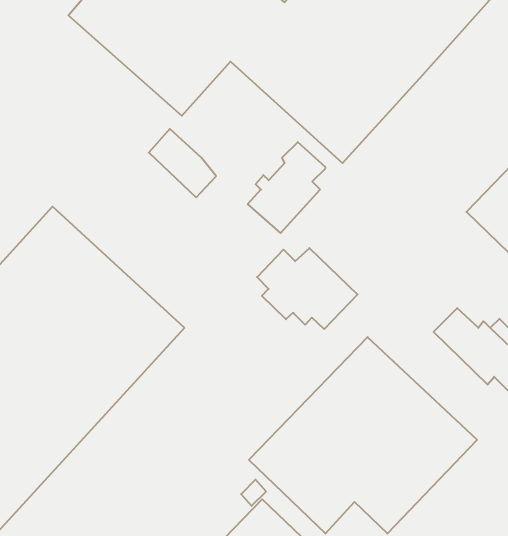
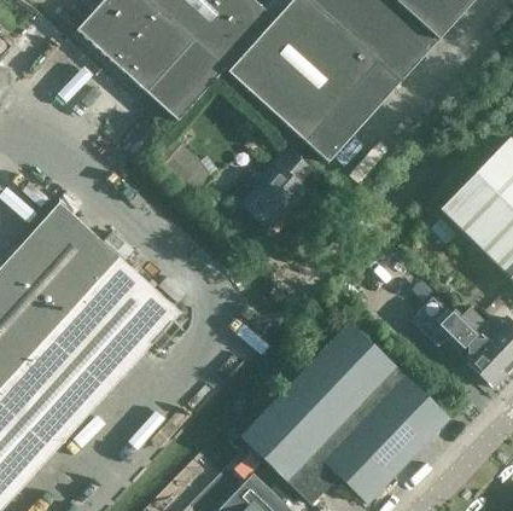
building: [257,248,358,329] -> none

